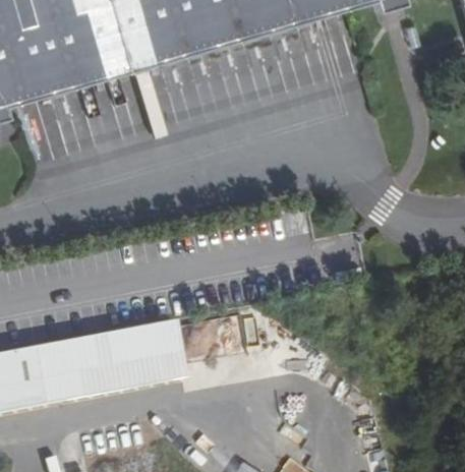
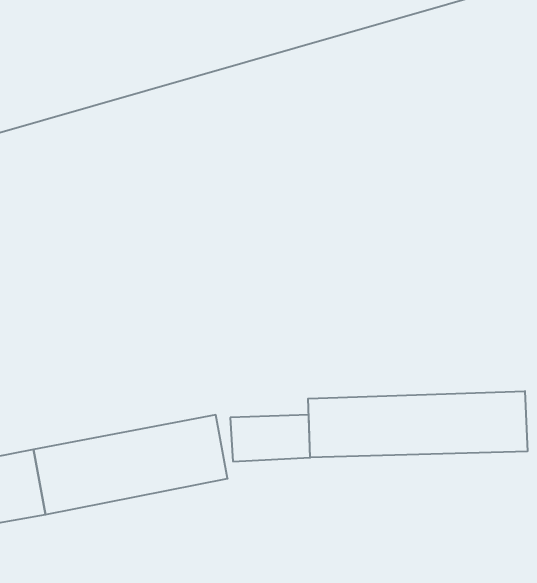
building: none -> [308,391,527,458]

